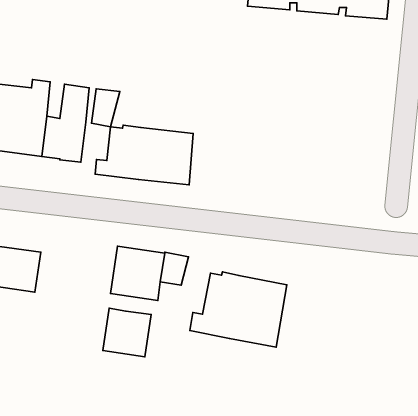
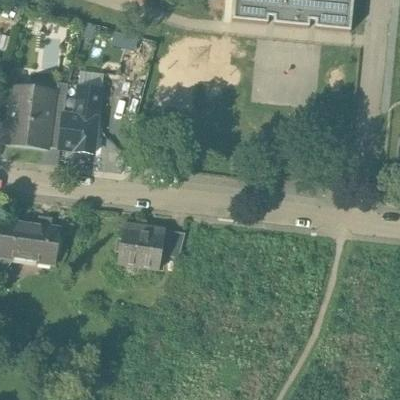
building: [95,125,193,185] -> none
building: [190,272,287,347] -> none
building: [103,308,151,357] -> none

